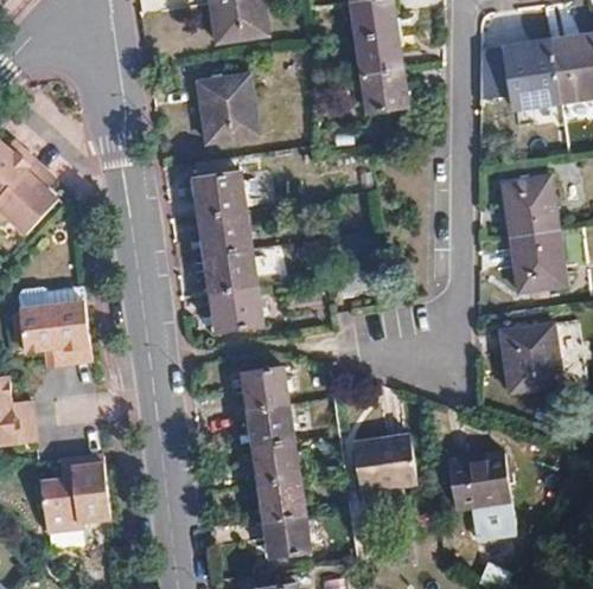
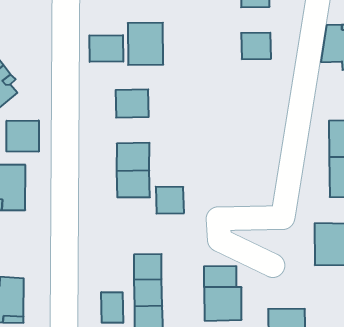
building: [356,32,402,75] -> none
building: none -> [89,35,123,62]
building: [199,211,251,255] -> none
building: none -> [6,120,39,152]
building: [244,366,289,409] -> [156,187,184,214]
building: none -> [204,266,236,287]
building: none -> [101,292,123,323]

